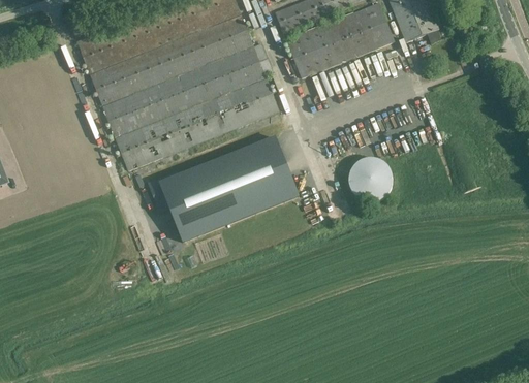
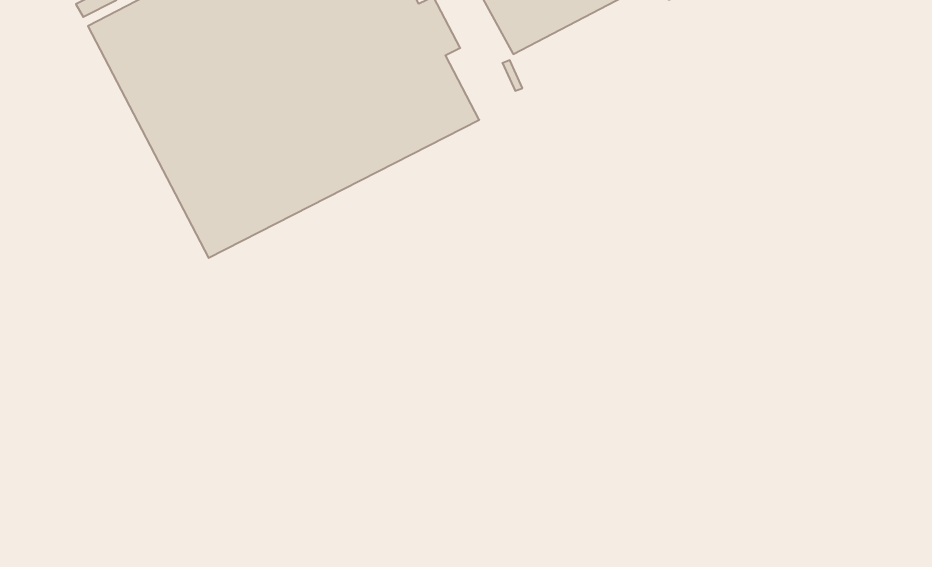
building: [149,137,299,242] -> none
building: [348,158,394,202] -> none

